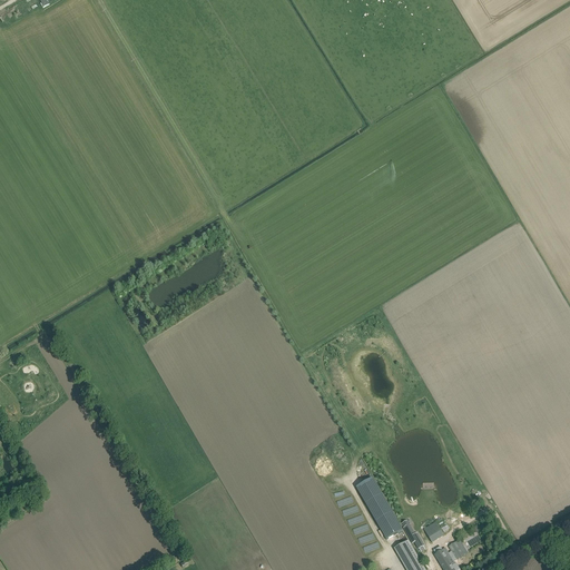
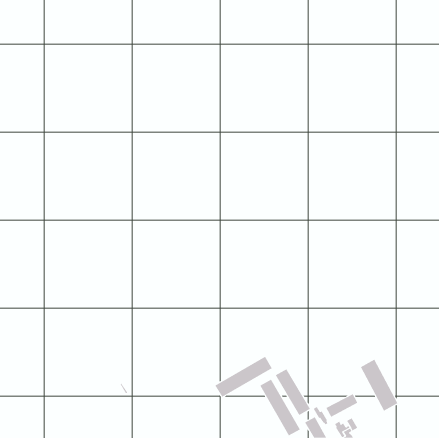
building: none -> [215,356,272,397]
building: none -> [360,359,398,412]

